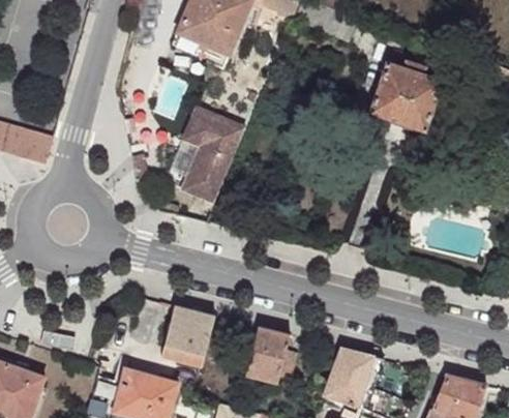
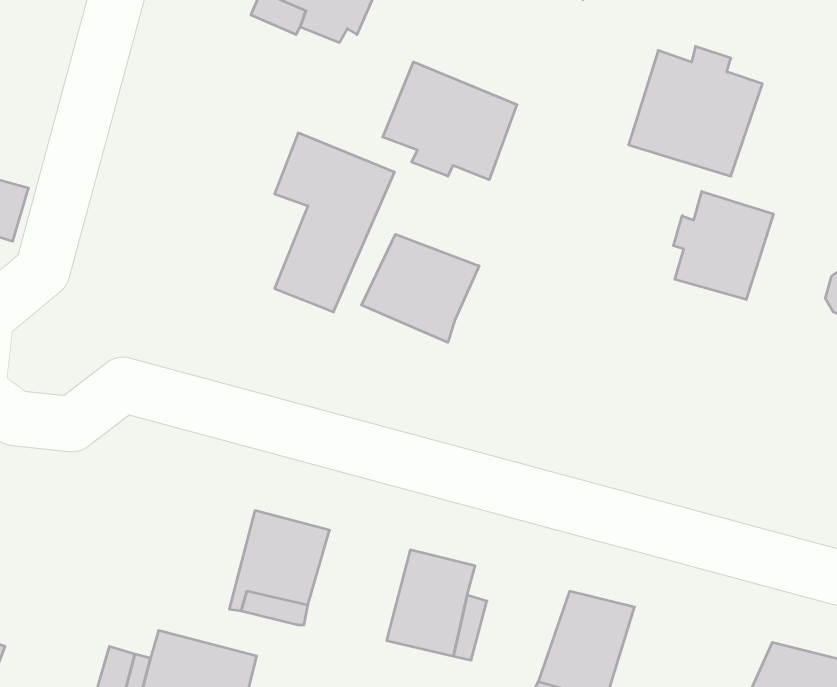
building: none -> [383,62,517,180]
building: none -> [673,191,773,300]
building: none -> [362,234,479,342]

